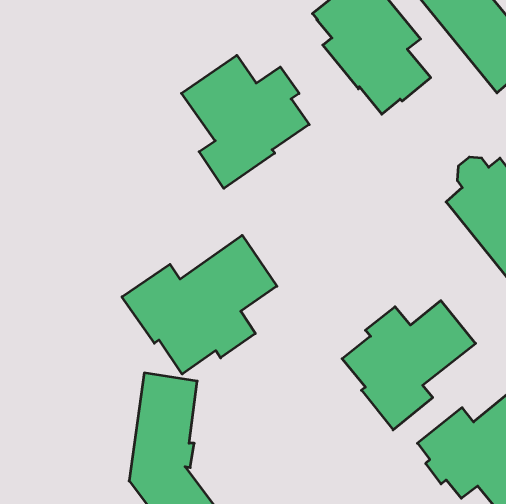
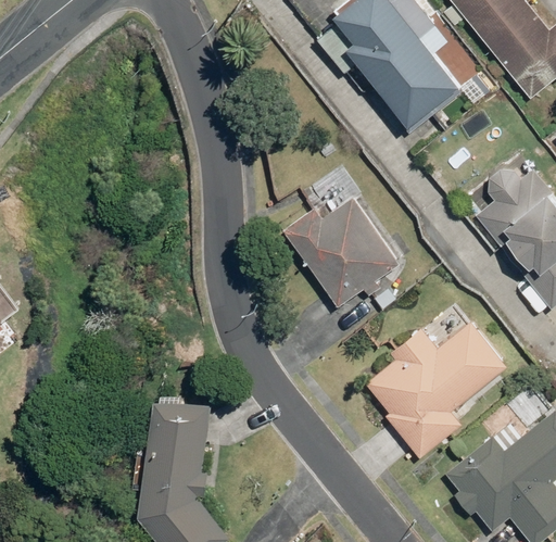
building: [181,55,309,188] -> none
building: none -> [282,198,400,307]
building: [122,235,277,374] -> none

